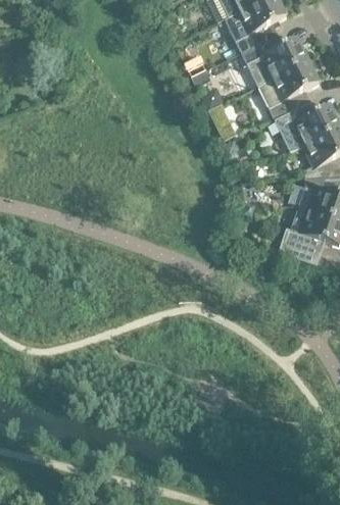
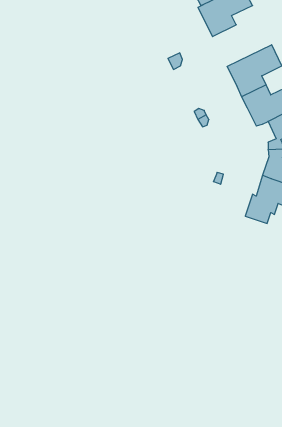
building: [241,36,307,83] -> none

